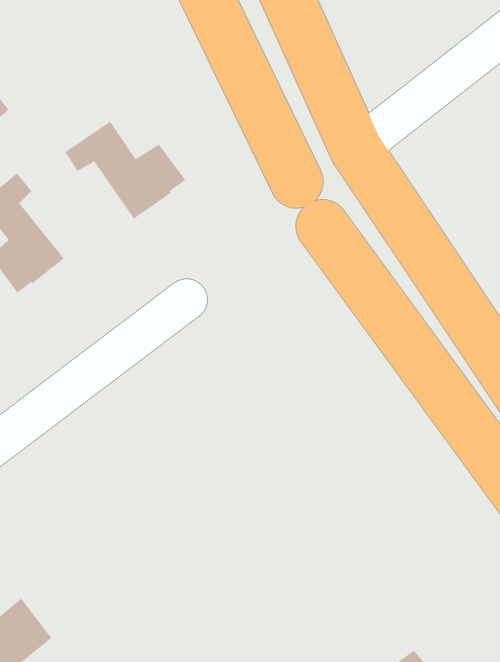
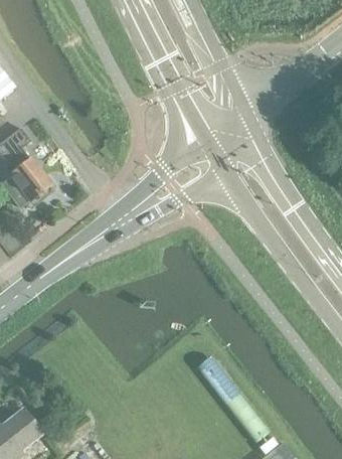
building: [64,121,186,220] -> none

